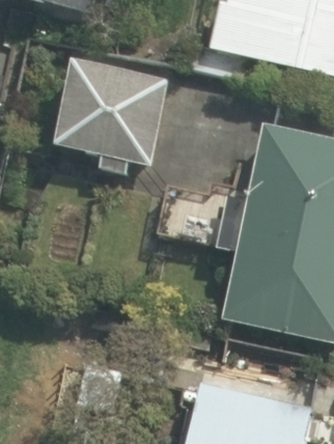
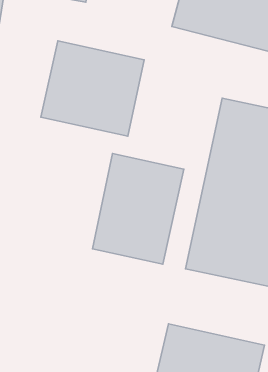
building: none -> [92,154,184,264]

